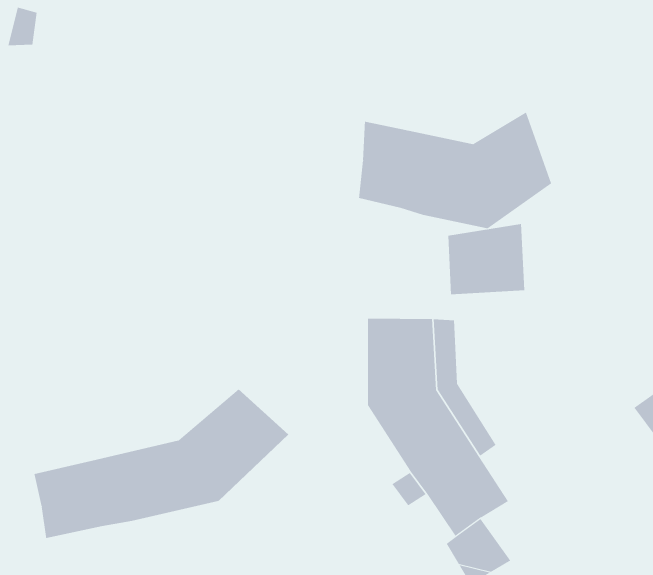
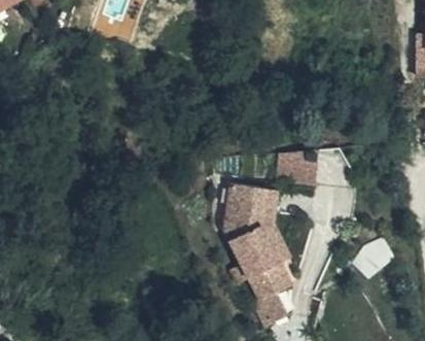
building: [359,112,552,229] -> none
building: [34,388,289,539] -> none

